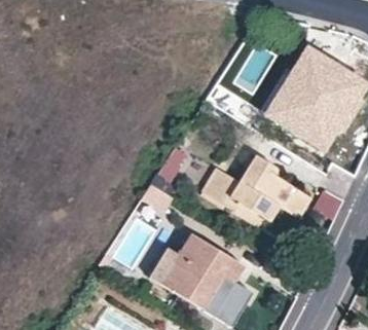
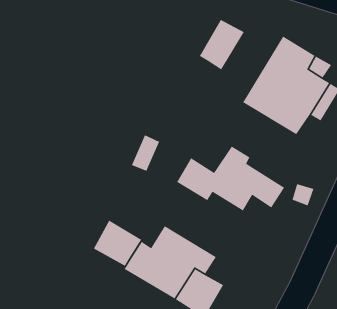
building: none -> [199,19,245,71]
building: none -> [93,219,142,267]

